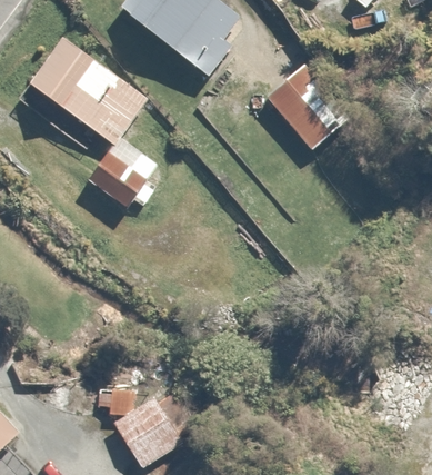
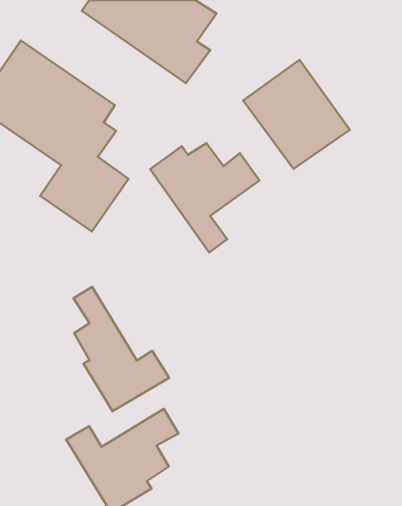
building: none -> [150,143,260,253]
building: none -> [74,287,169,411]

